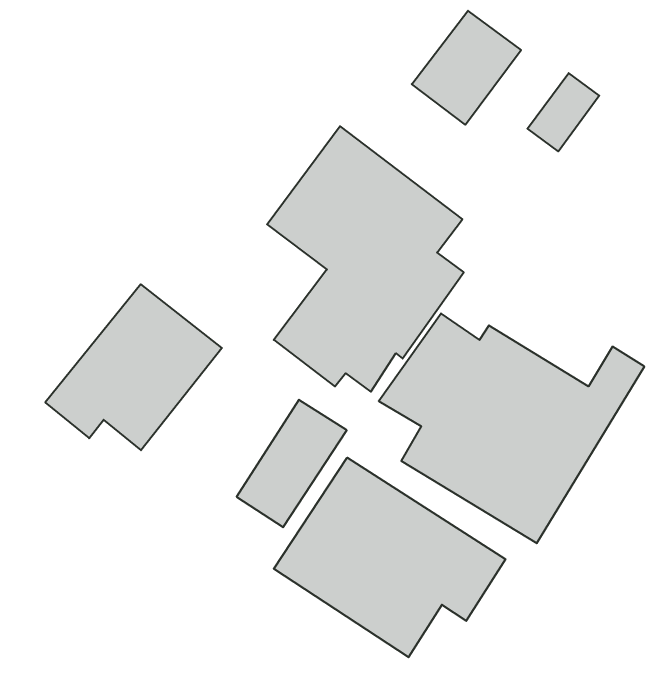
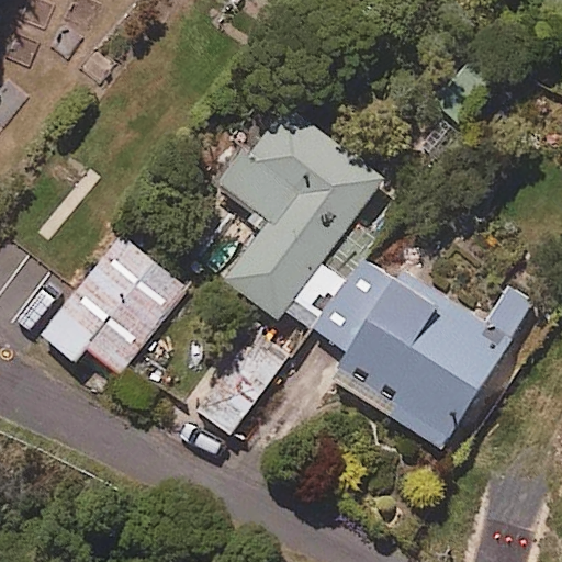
building: [412,11,521,125] -> none
building: [274,458,505,657] -> none

